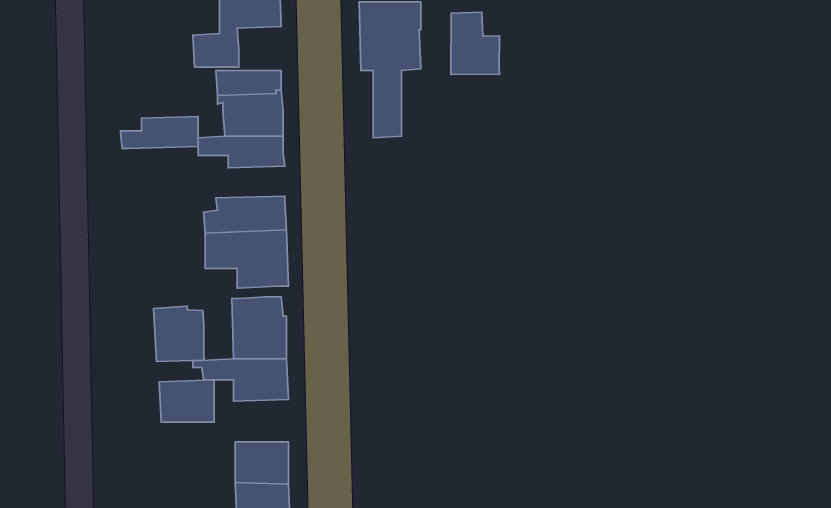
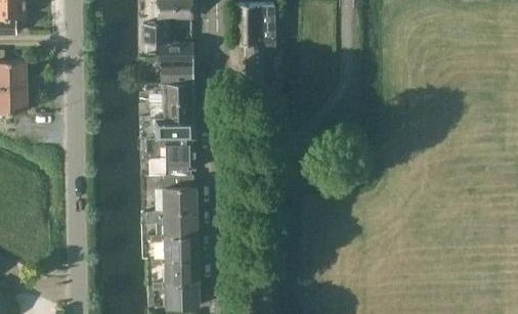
building: [451,12,500,74] -> none
building: [120,117,198,148] -> [149,99,195,118]
building: [154,306,204,362] -> none
building: [159,380,214,422] -> [165,234,197,259]

